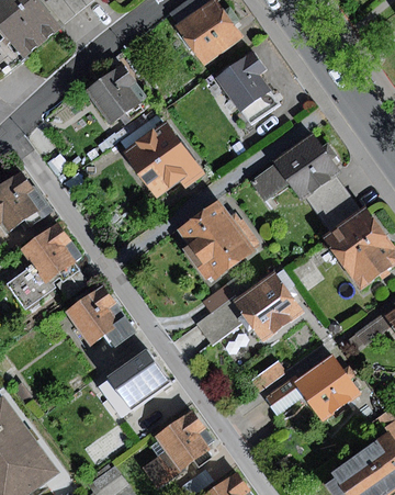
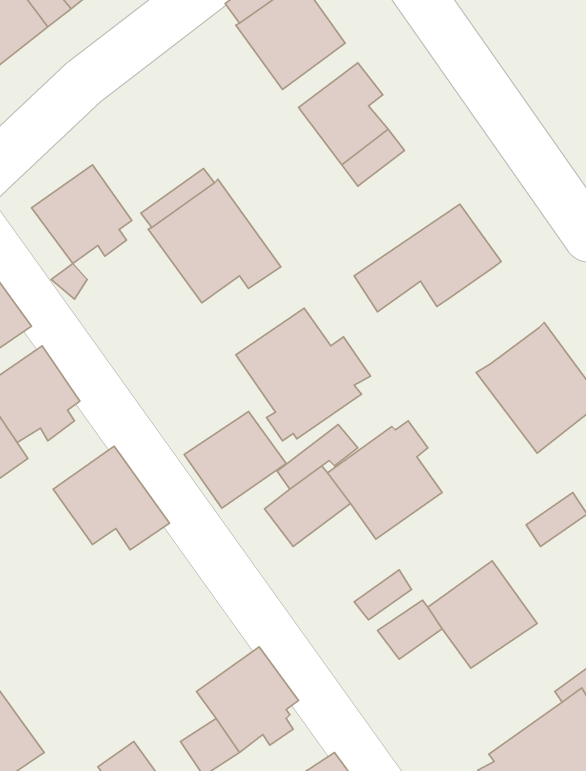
building: [84,64,146,124] -> [31,165,132,263]
building: [305,175,362,234] -> none
building: [106,350,169,409] -> [184,412,286,508]

